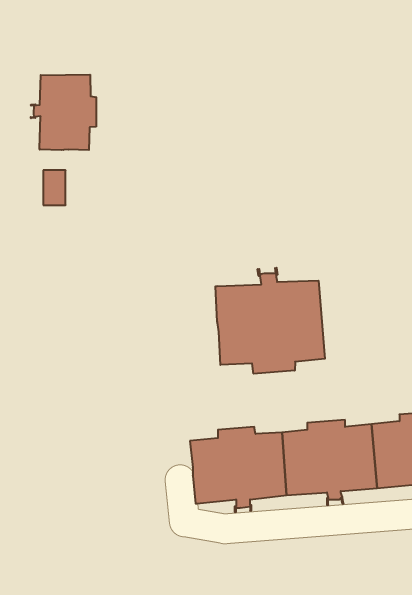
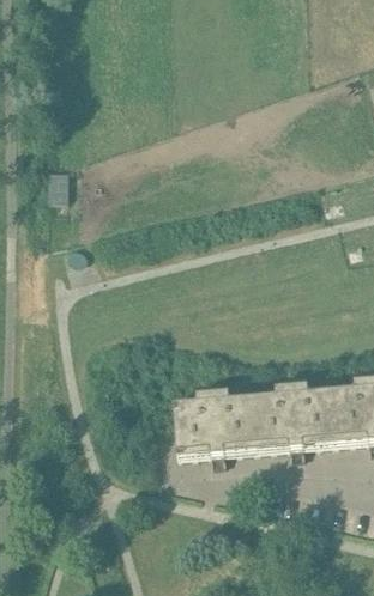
building: [31,75,96,150] -> none
building: [215,268,325,374] -> none

